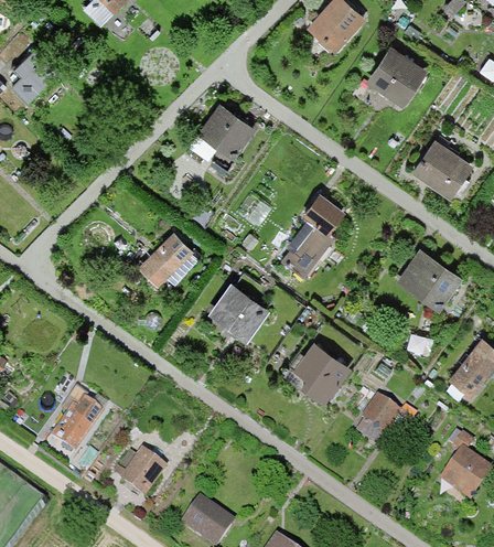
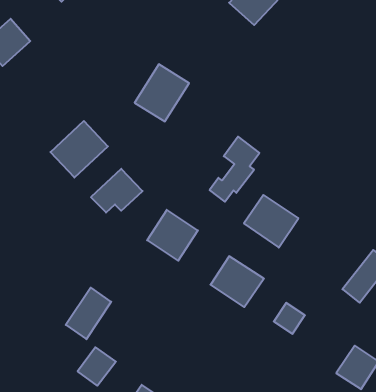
building: [364,44,428,109] -> none
building: [412,141,474,201] -> none
building: none -> [50,121,108,178]
building: [393,248,460,313] -> [244,195,298,248]
building: [46,394,103,458] -> [66,288,111,339]

